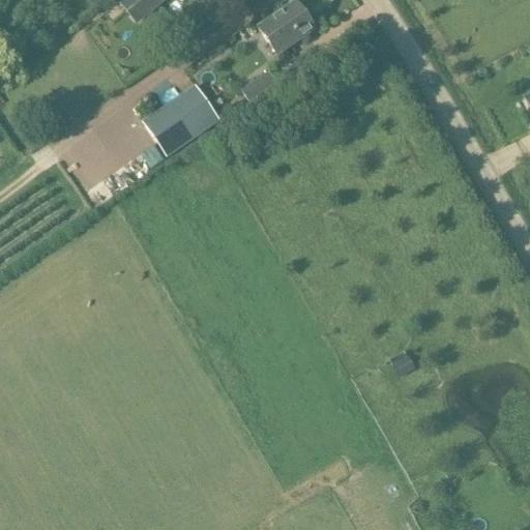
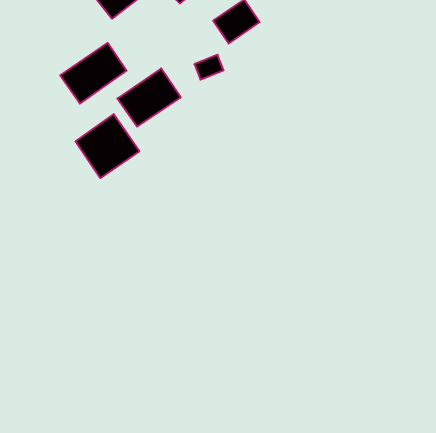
building: none -> [60,43,127,104]
building: none -> [75,114,139,178]

